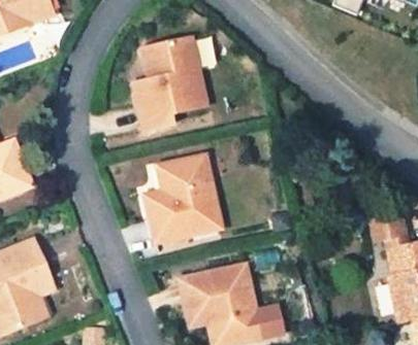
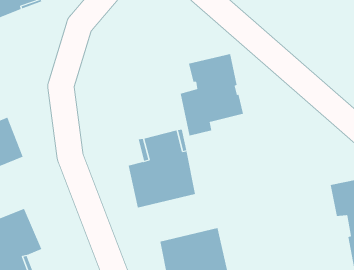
building: [135,38,206,130] -> [180,53,244,136]

